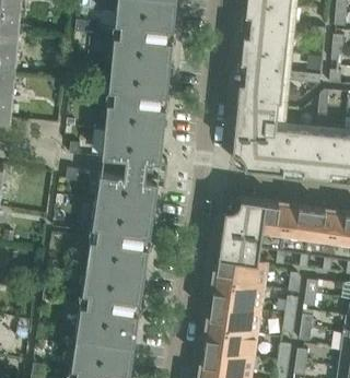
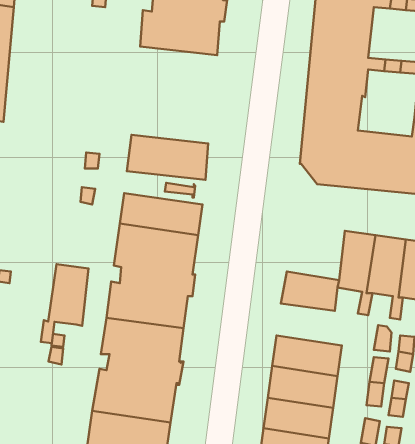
building: [105,61,171,134] -> none
building: [222,196,266,237] -> none
building: none -> [41,264,89,343]
building: [214,255,268,286] -> none

